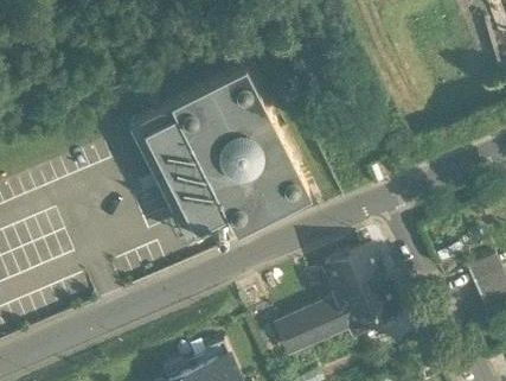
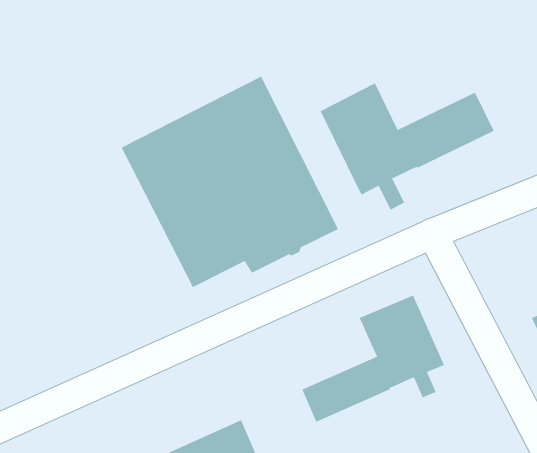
building: none -> [320,83,495,210]

